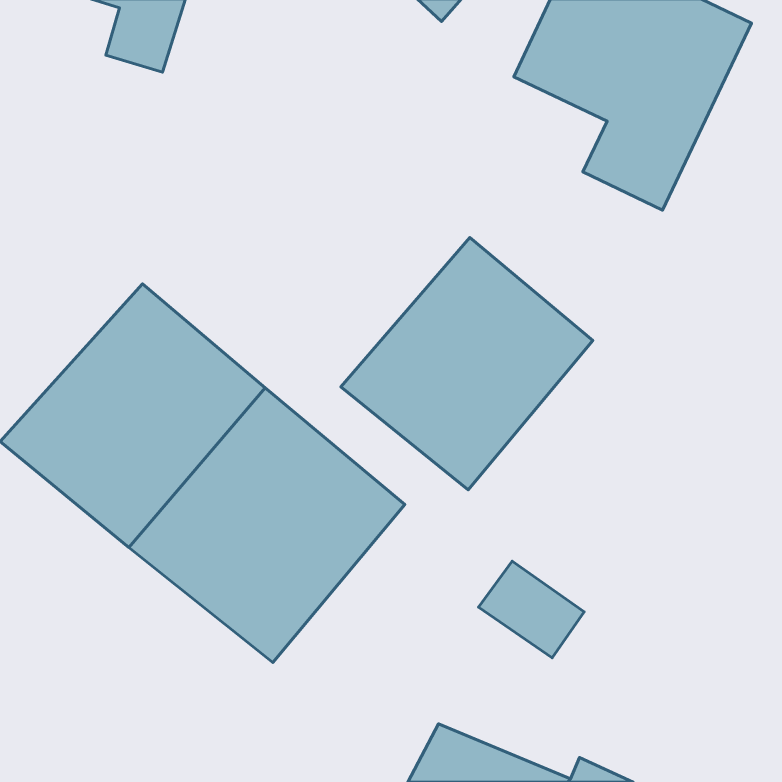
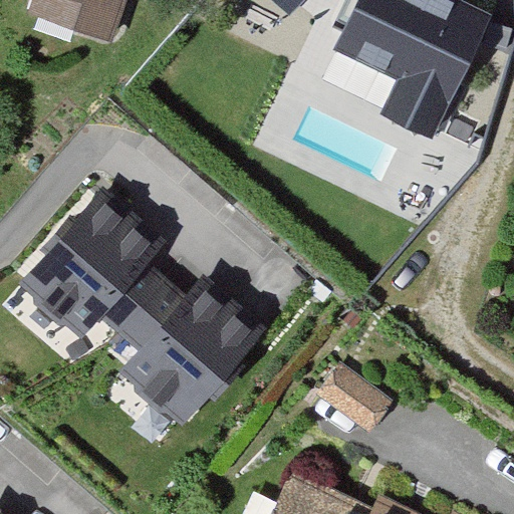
building: [341,237,593,490] -> none

